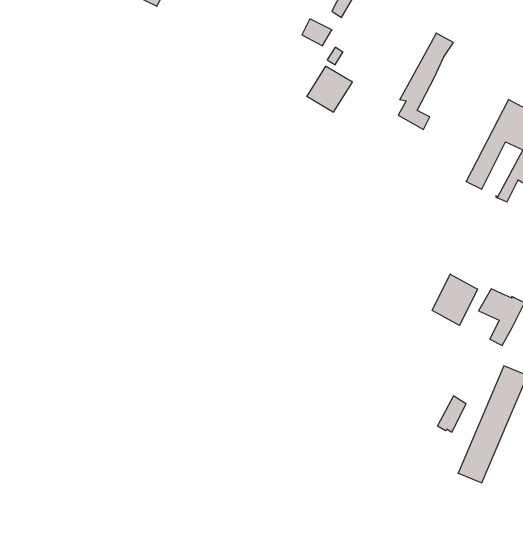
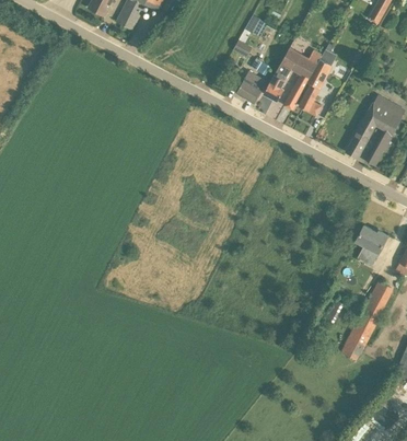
building: none -> [264,38,323,108]
building: [432,274,478,325] -> none

